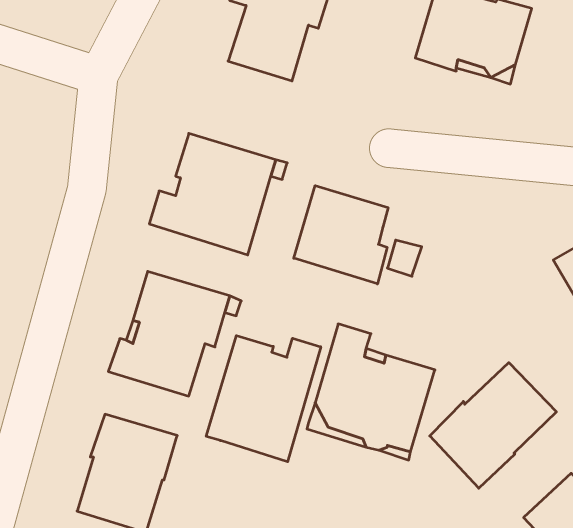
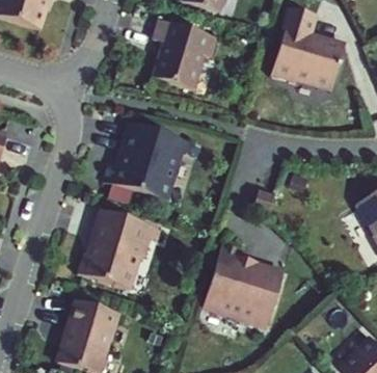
building: [294,186,388,284] -> none
building: [206,336,321,462] -> none
building: [430,363,556,488] -> none

